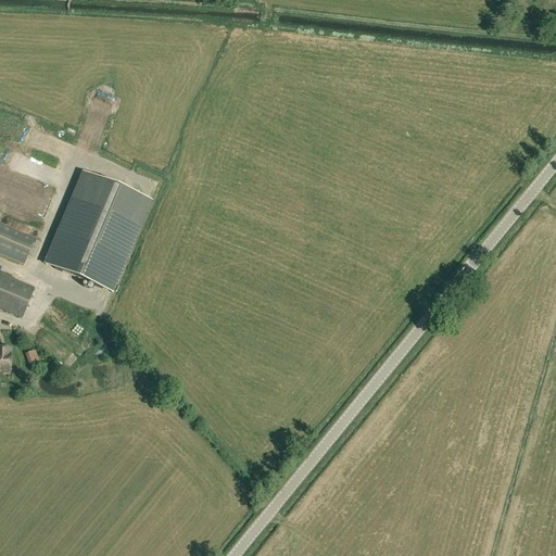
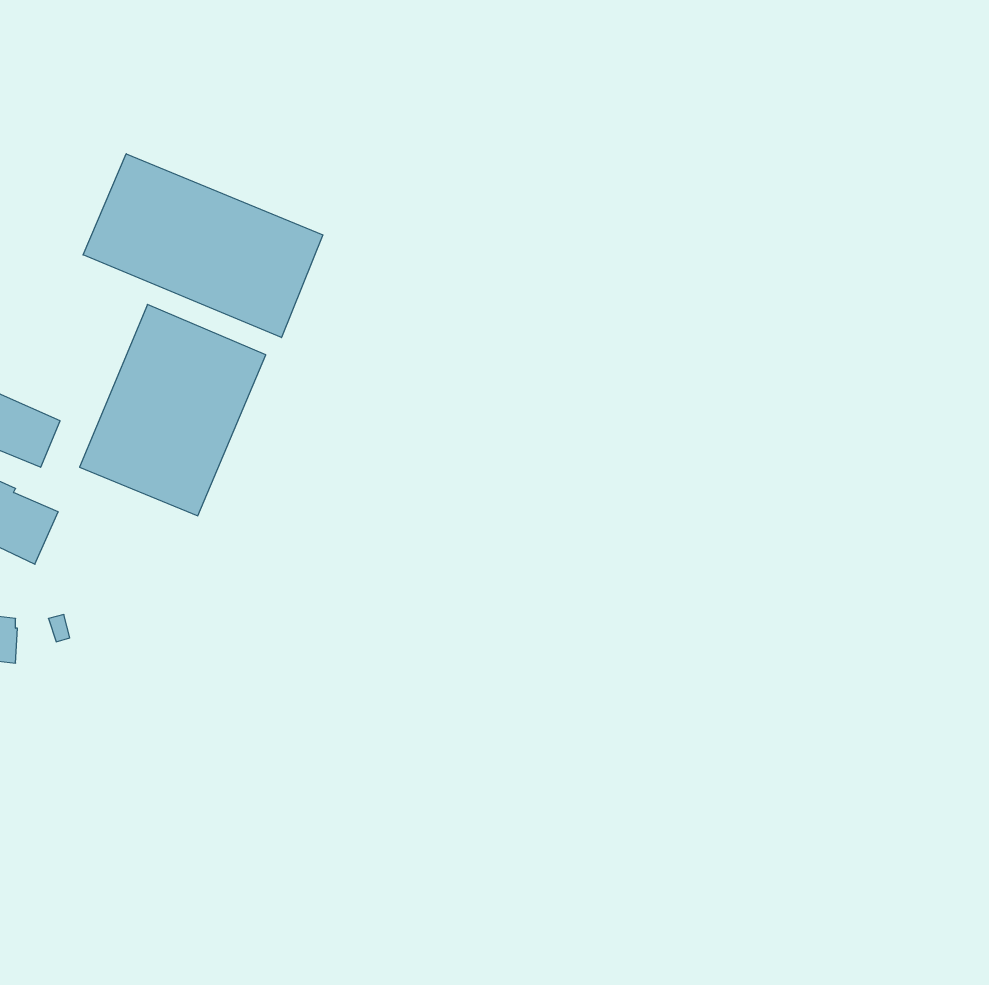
building: none -> [83,154,323,338]

